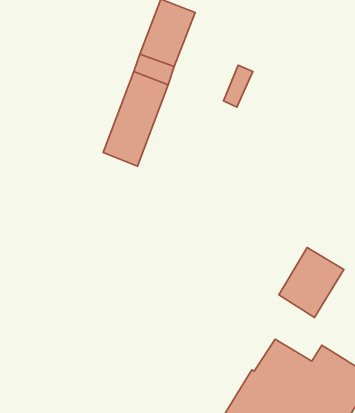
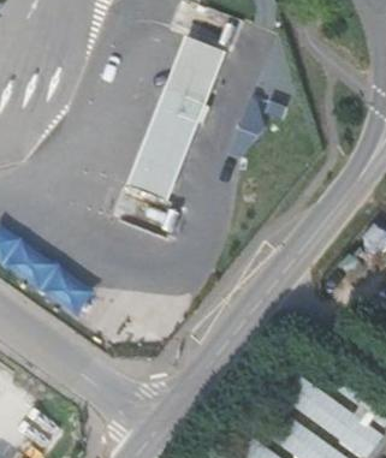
building: [279,247,344,317] -> none

